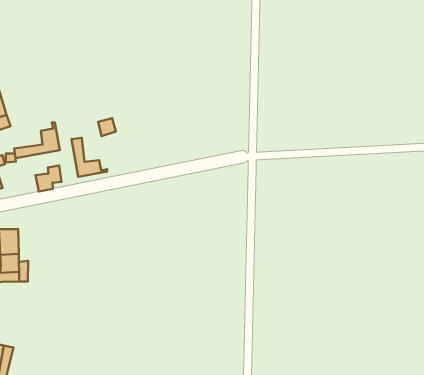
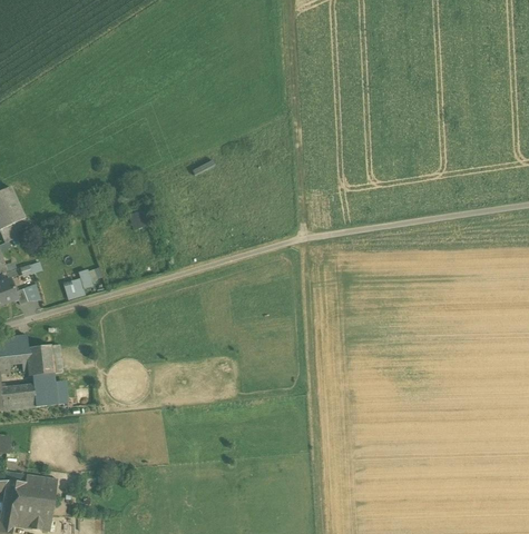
building: [14,122,60,158] -> none
building: [71,138,107,177] -> none

